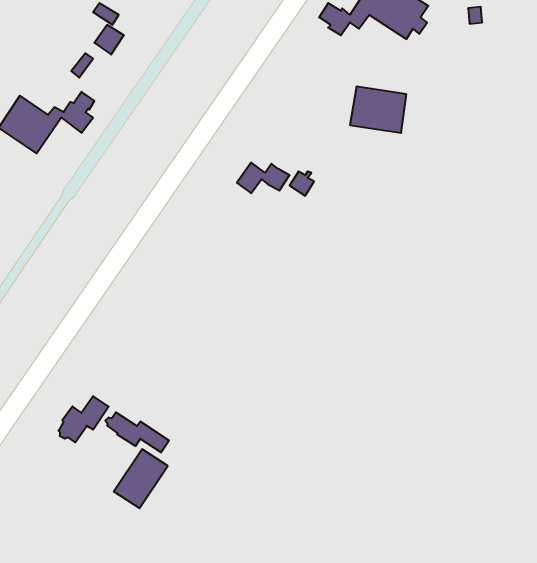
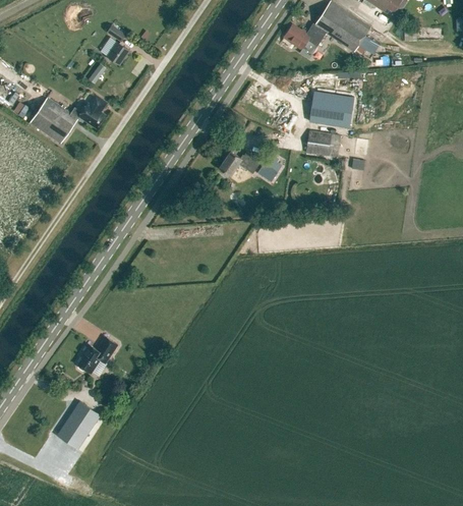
building: none -> [305,130,339,157]
building: [105,412,169,453] -> none
building: [114,449,168,508] -> [57,401,100,448]

